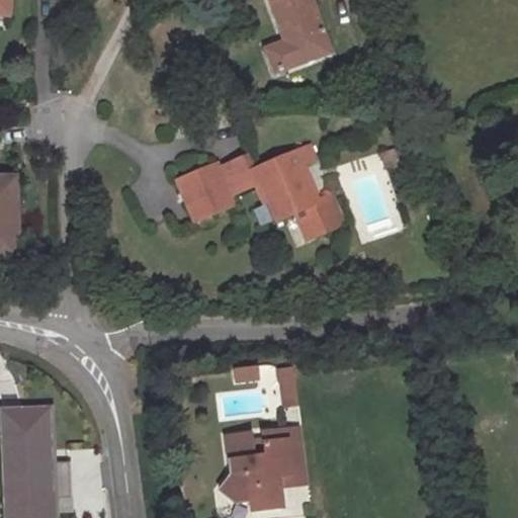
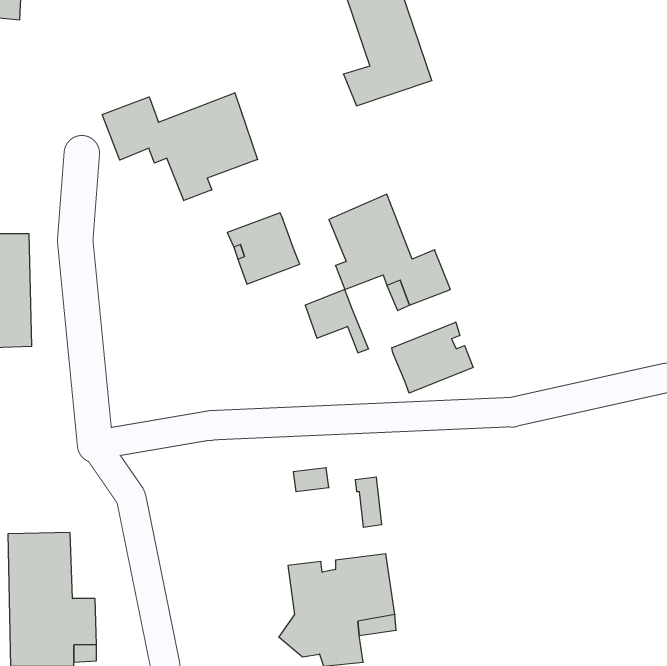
building: none -> [102,93,258,201]
building: [217,155,265,203] -> [305,289,369,353]
building: none -> [392,322,473,393]

